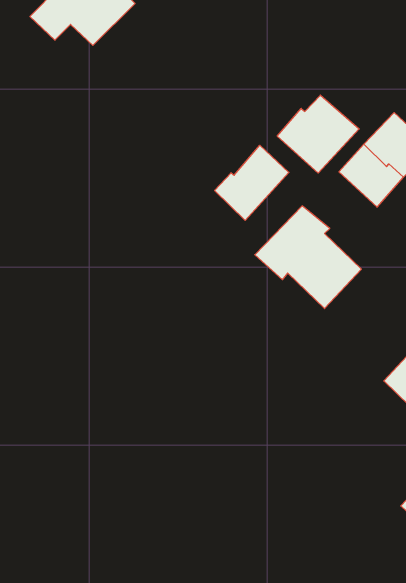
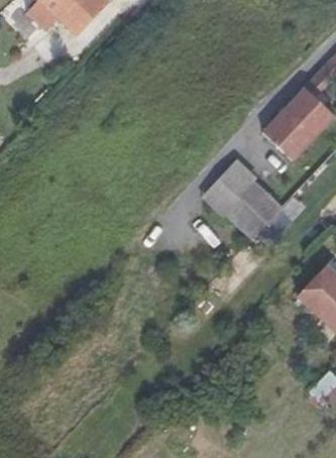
building: [277,95,359,173] -> none
building: [215,145,289,220] -> none

